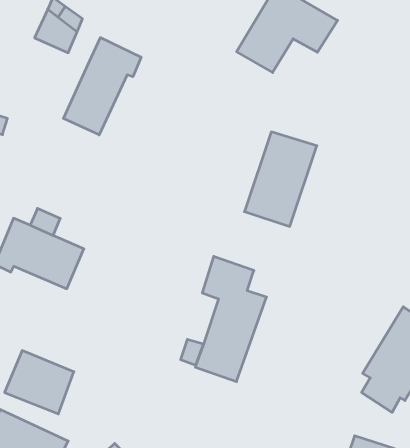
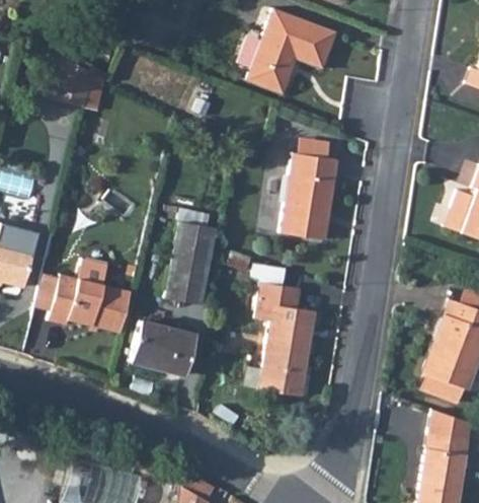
building: [63,38,141,135] -> none
building: none -> [165,220,213,302]
building: [5,351,74,414] -> [133,319,195,374]

